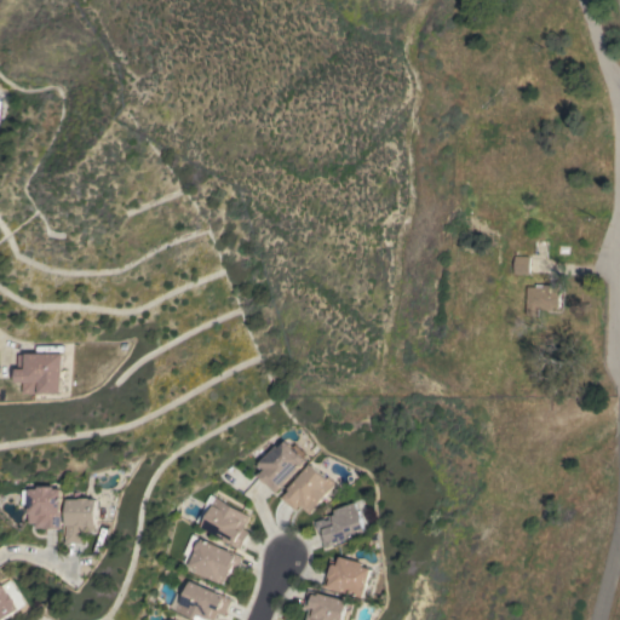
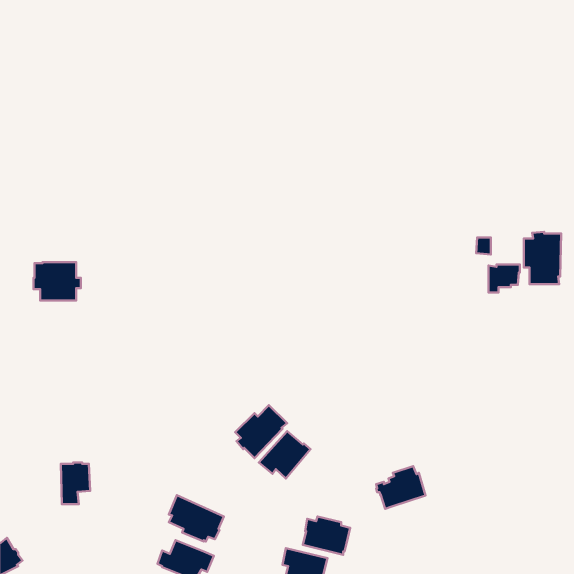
building: none -> [524,232,561,284]
building: [15,354,65,395] -> [33,262,81,300]
building: [22,487,61,529] -> none
building: [194,495,248,549] -> none
building: [314,503,367,549] -> [376,466,426,509]

